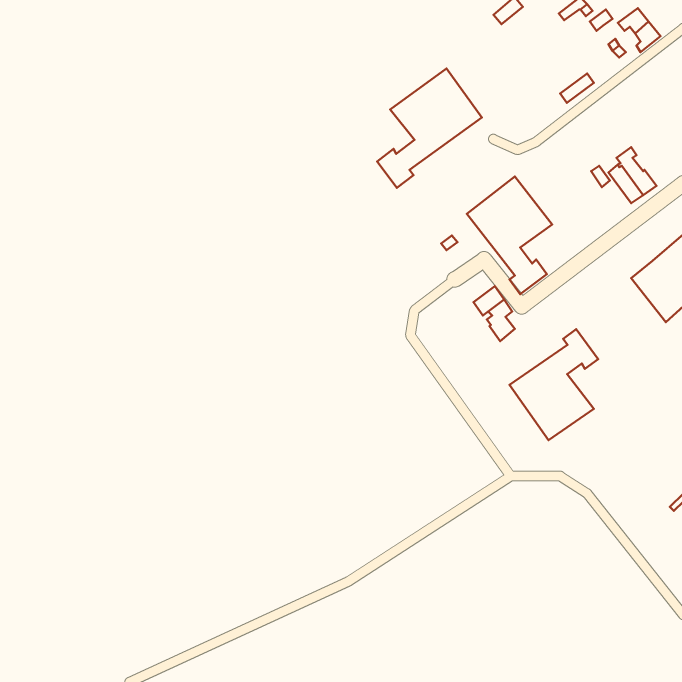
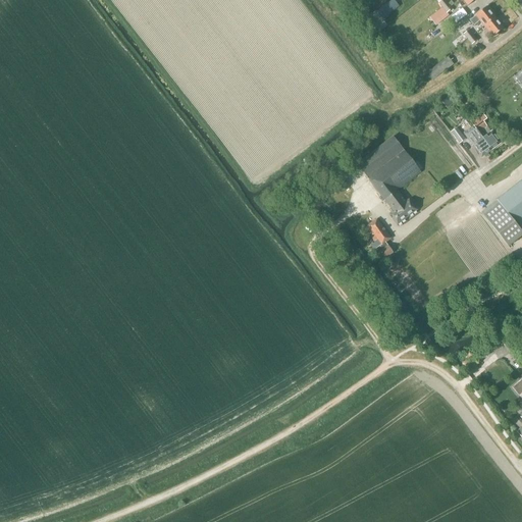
building: [377,69,482,188] -> none
building: [509,329,598,440] -> none

